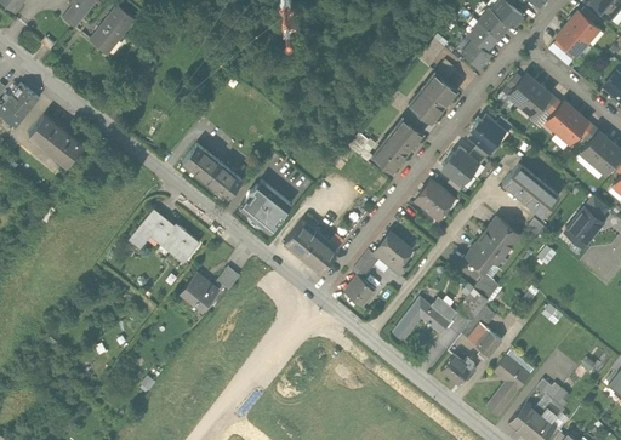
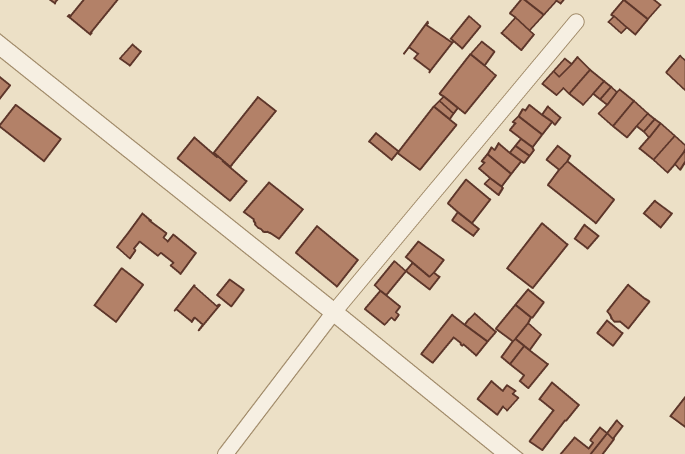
building: none -> [404,22,453,72]
building: none -> [214,97,276,167]
building: [565,208,602,246] -> [607,285,649,328]
building: none -> [94,268,143,322]

